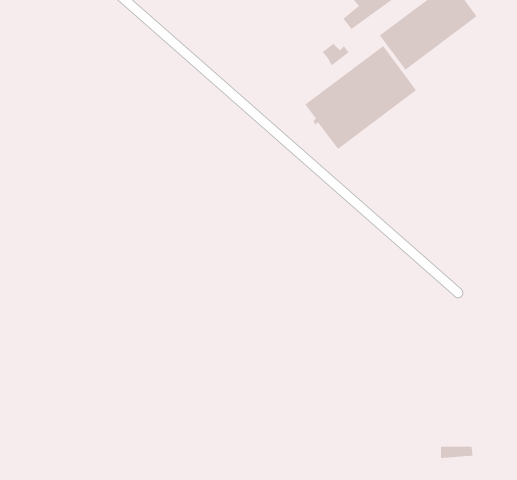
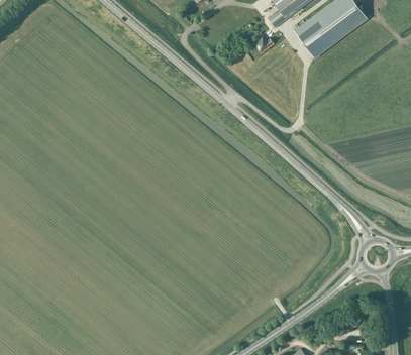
building: [304,45,417,150] -> none

